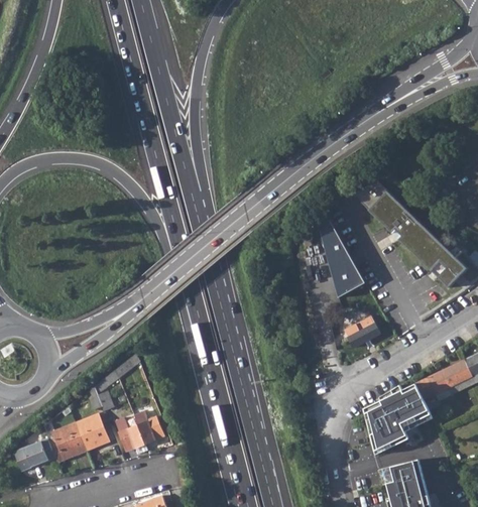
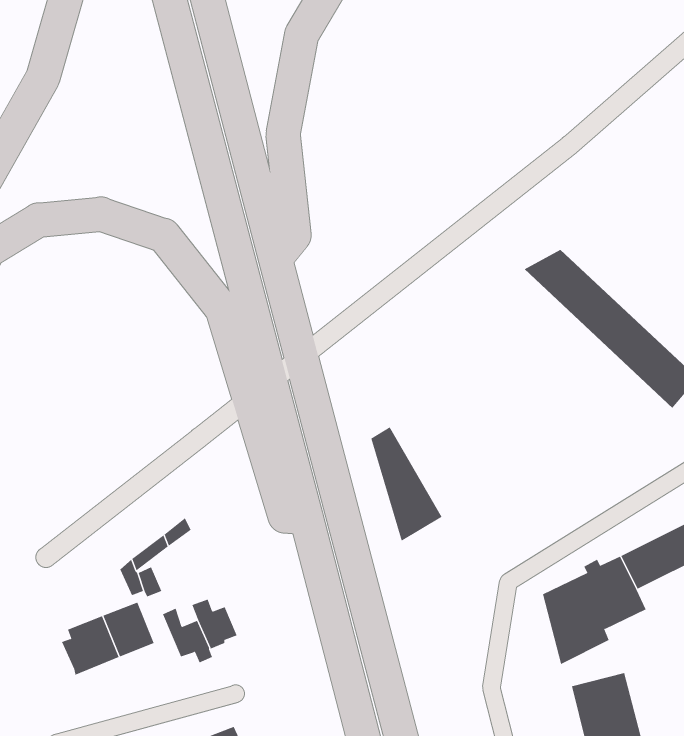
building: [320,223,367,298] -> [370,426,442,541]
building: [344,316,379,348] -> none
building: [12,438,55,471] -> none

